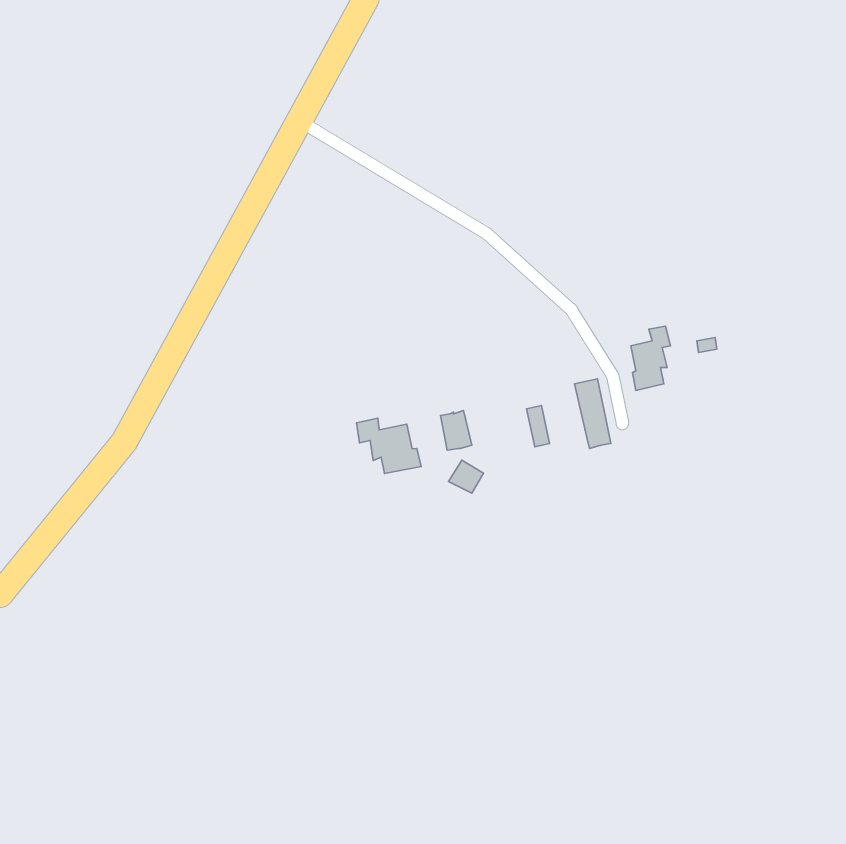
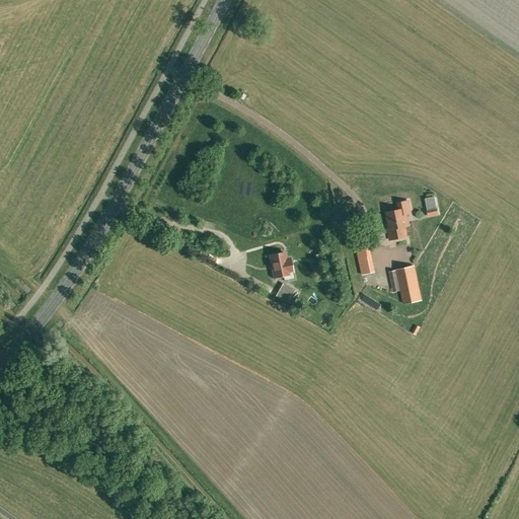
building: [357,418,421,474] -> none
building: none -> [396,265,421,302]

